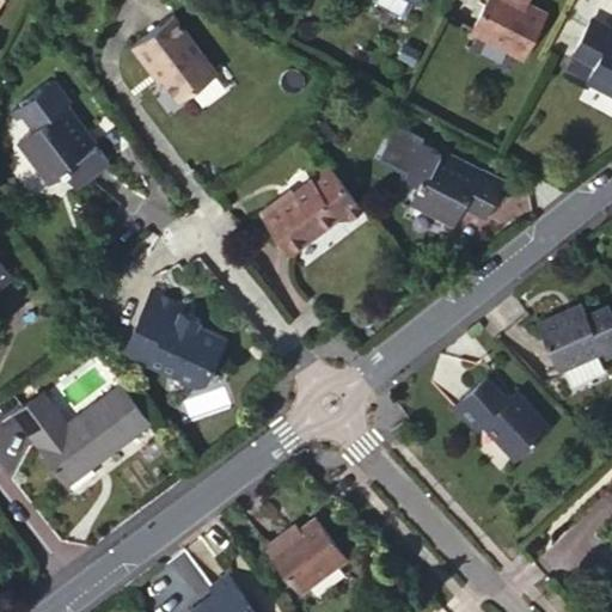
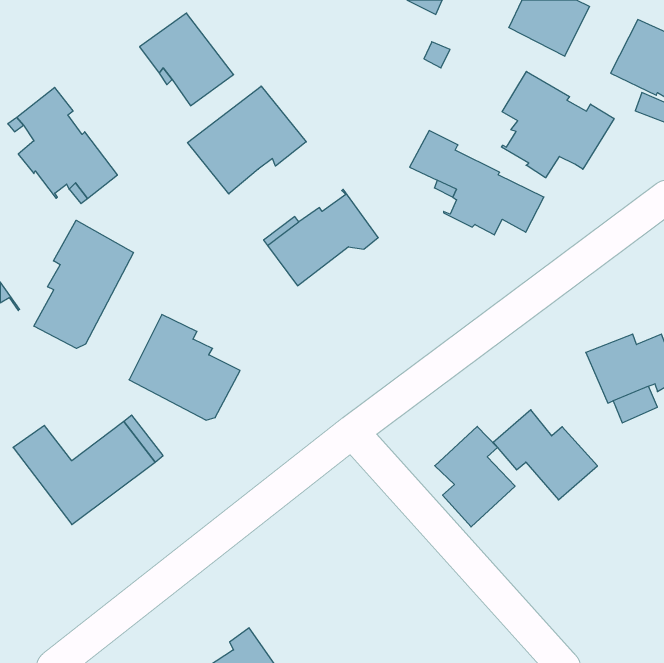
building: none -> [501,71,614,178]
building: none -> [188,86,306,194]
building: none -> [34,220,133,348]
building: none -> [435,426,515,527]
building: [268,522,349,598] -> none

